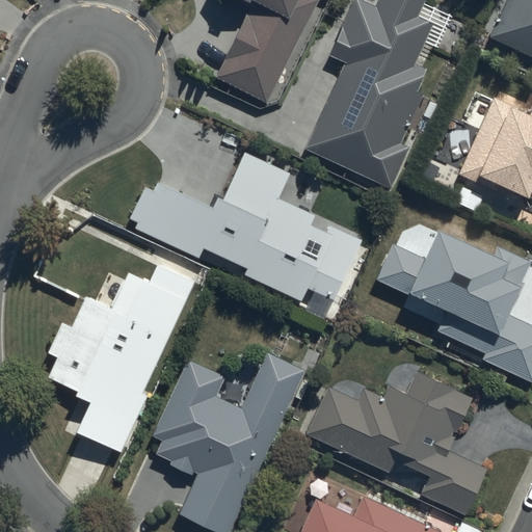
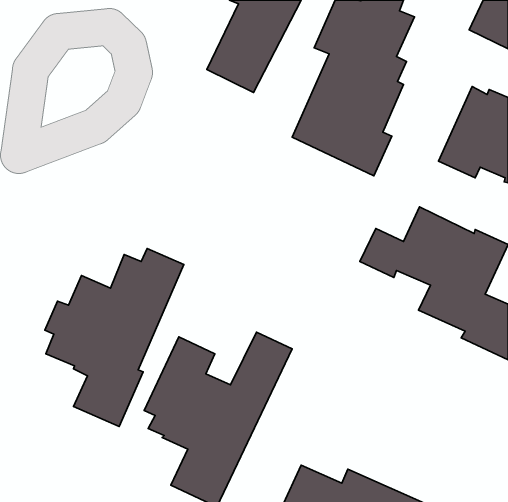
building: [130,151,362,301] -> none
building: [305,371,485,515] -> none

